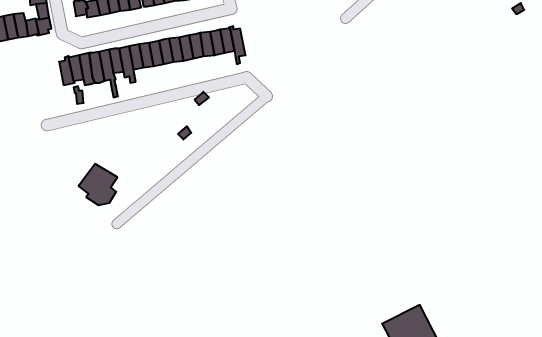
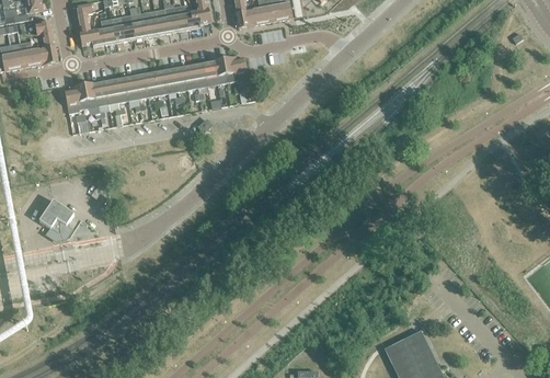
building: [79,164,117,205] -> [37,198,76,239]

